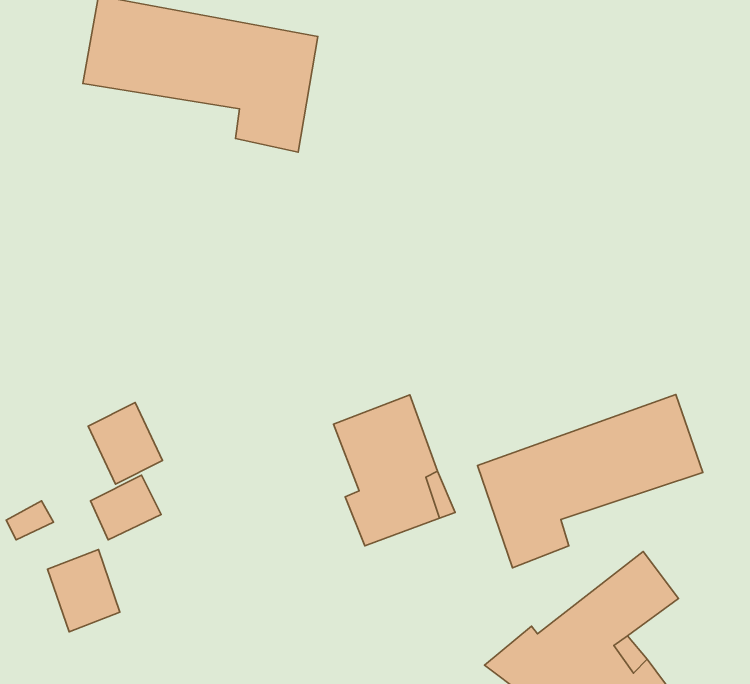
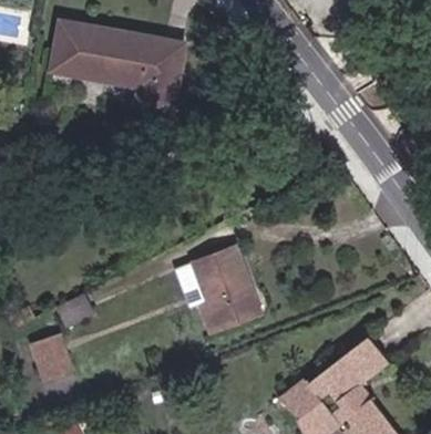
building: [478,394,703,568] -> none
building: [88,403,163,484] -> none

